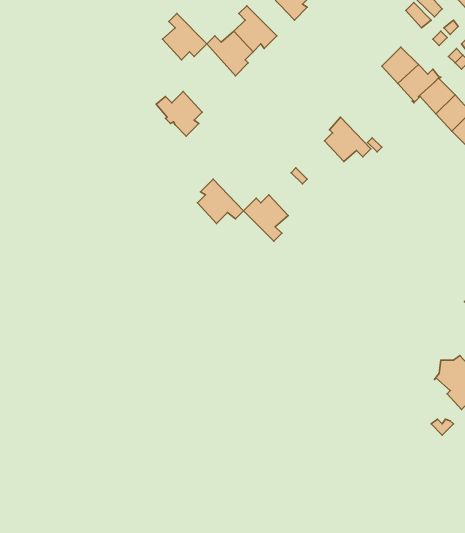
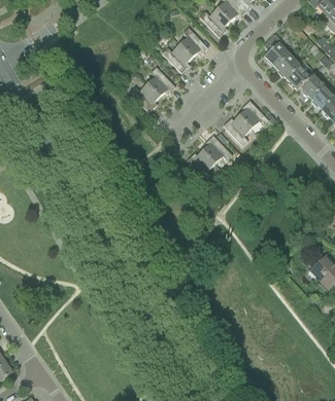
building: [162,14,207,60] -> [146,66,175,96]
building: none -> [263,33,288,66]
building: none -> [223,114,250,145]
building: [197,179,244,224] -> [202,134,232,162]

